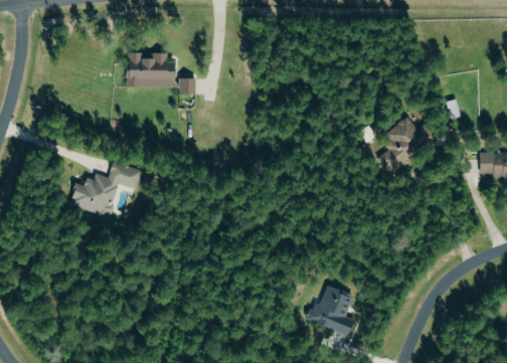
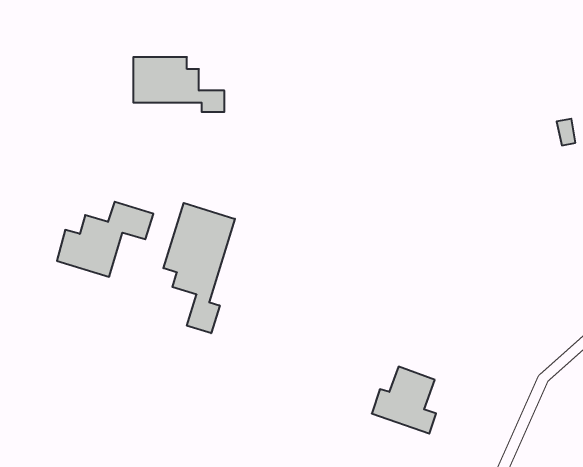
building: [376,118,437,174] -> none
building: none -> [163,203,235,333]

